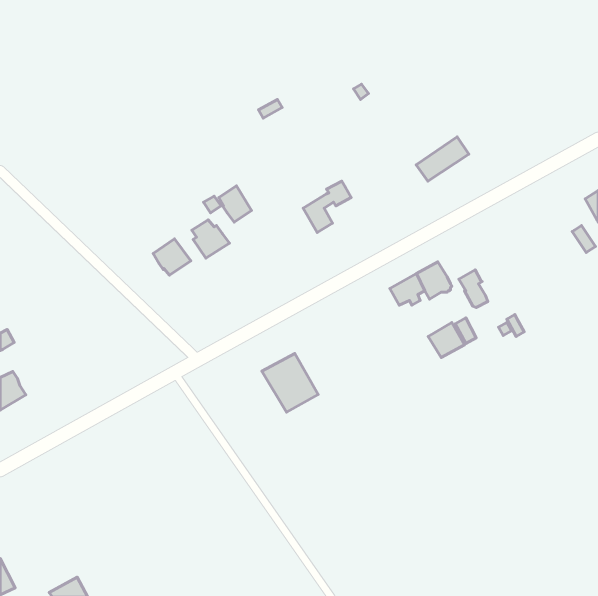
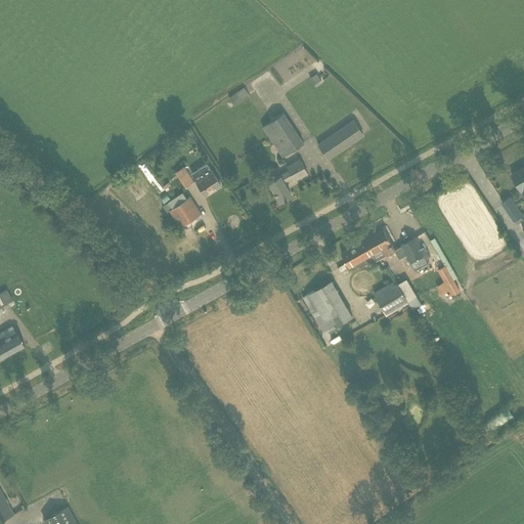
building: none -> [261,114,303,158]
building: [416,137,469,181] -> [317,121,363,160]
building: [153,239,191,275] -> none
building: [262,354,318,412] -> [303,281,352,333]

